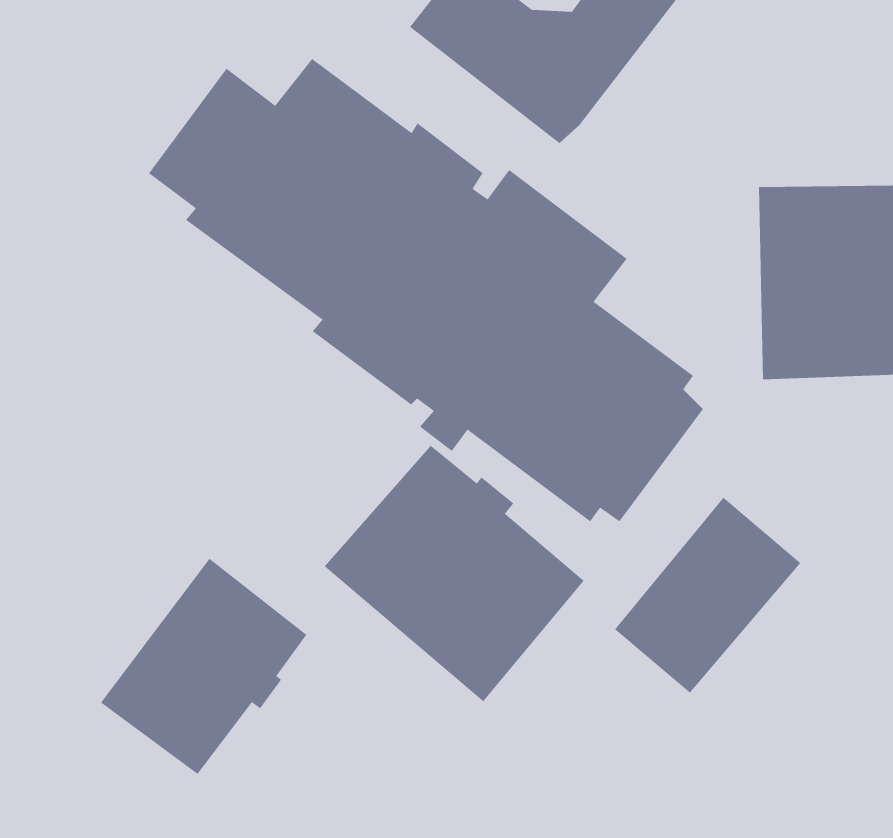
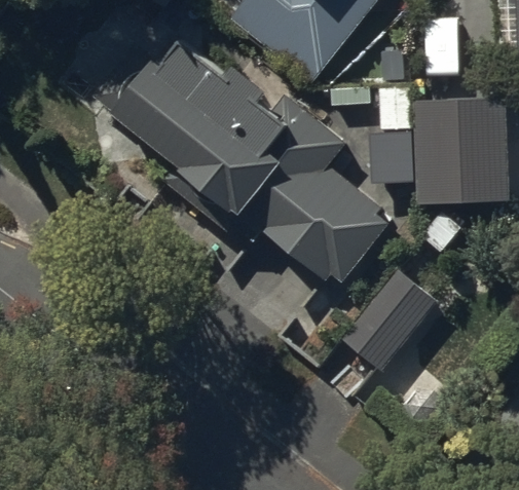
building: [324,445,585,702] -> none
building: [100,558,307,775] -> none

